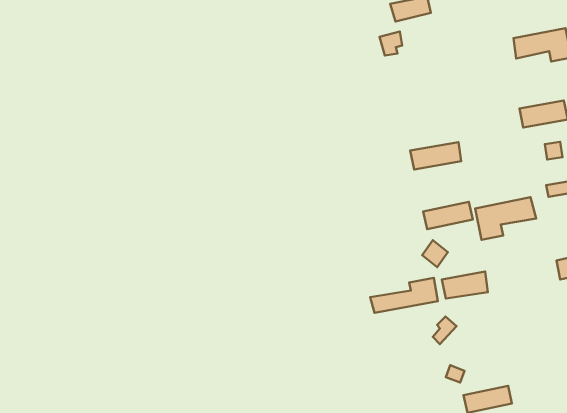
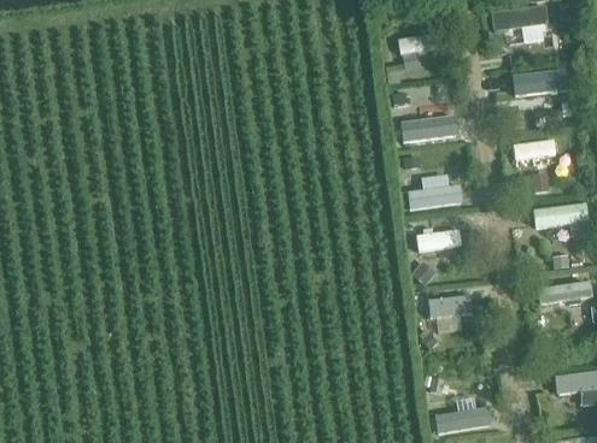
building: none -> [403,118,458,146]
building: [475,197,536,240] -> none
building: [370,278,438,313] -> none

